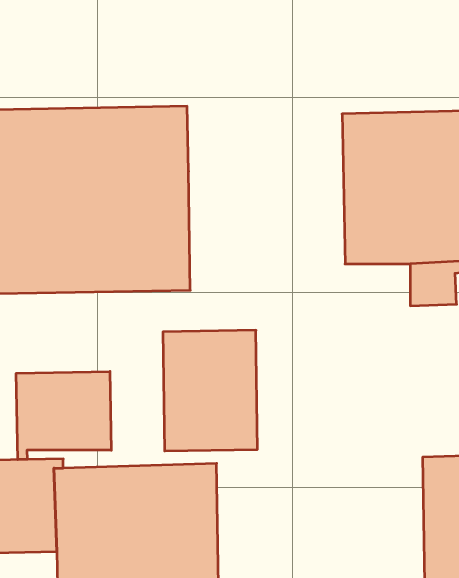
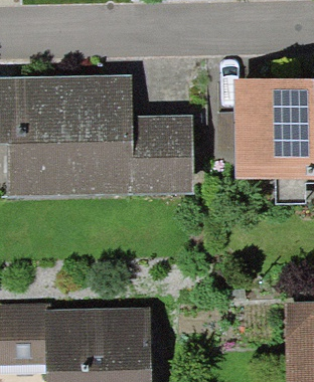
building: [163,330,257,451] -> [133,116,194,194]
building: [16,371,111,460] -> none

